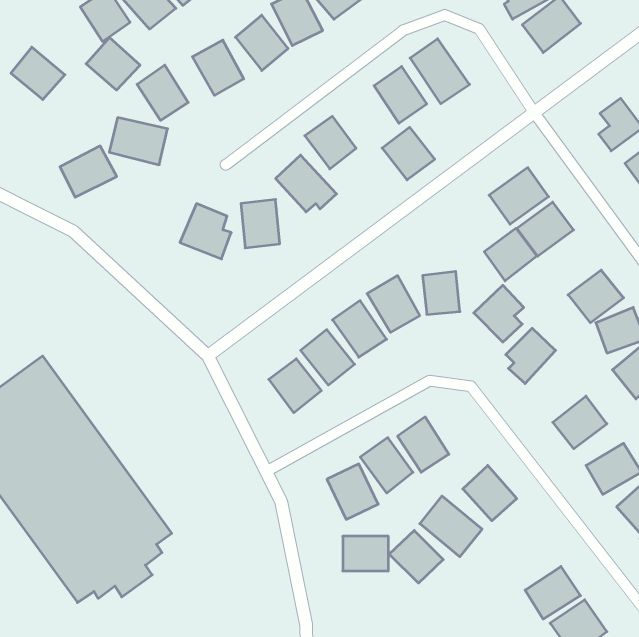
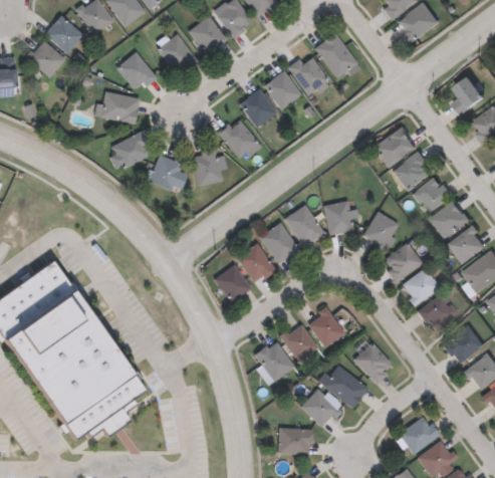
building: [86,37,140,90] -> [44,15,83,53]
building: [382,127,435,180] -> [263,71,301,109]
building: [60,146,117,197] -> [108,133,150,170]
building: [484,228,537,281] -> [414,176,452,214]
building: none -> [402,269,439,304]
building: [343,536,388,571] -> [278,429,311,454]

